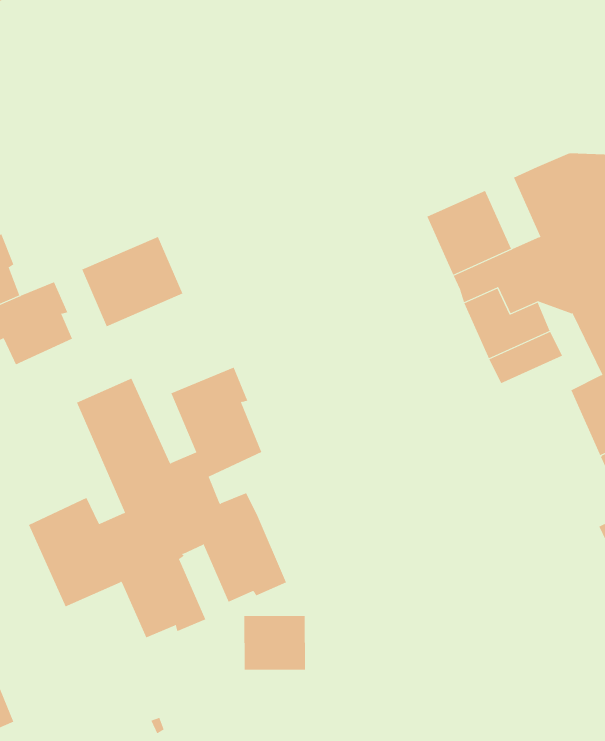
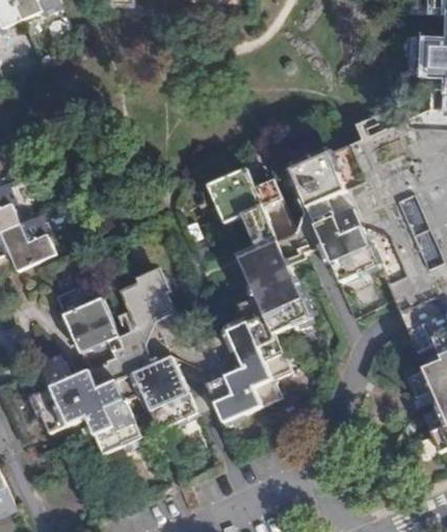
building: none -> [207,166,312,421]
building: [81,236,183,327] -> none
building: [244,615,305,671] -> none

